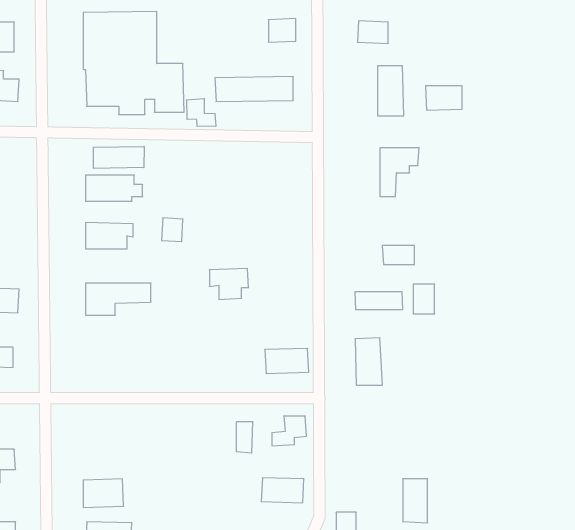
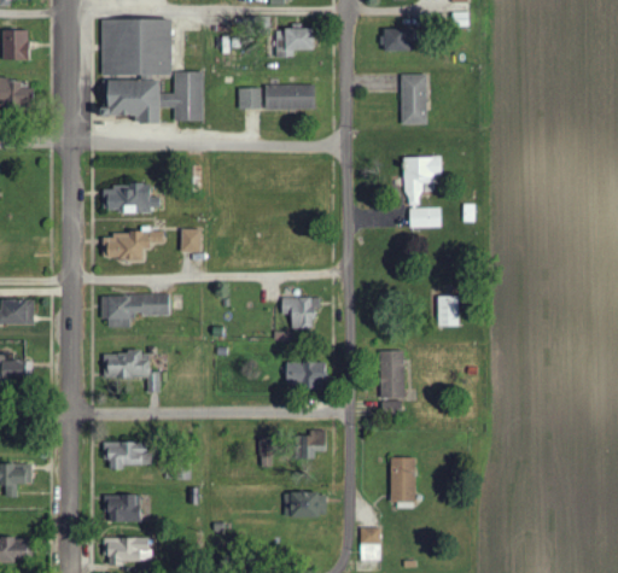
building: [426,85,462,110] -> none
building: [187,98,216,126] -> none
building: [93,146,144,168] -> none
building: [382,246,414,265] -> [407,207,439,227]
building: [209,269,249,299] -> [280,297,320,328]
building: [355,292,402,310] -> none
building: none -> [101,351,159,392]
building: none -> [105,442,152,467]
building: [403,479,428,523] -> [390,457,415,502]

